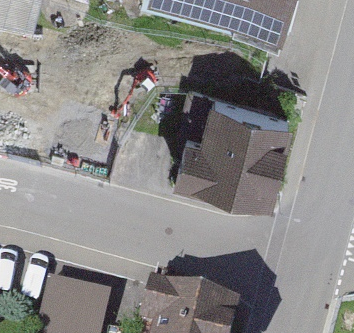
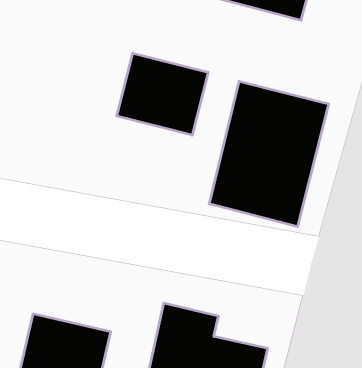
building: none -> [117,53,208,135]

